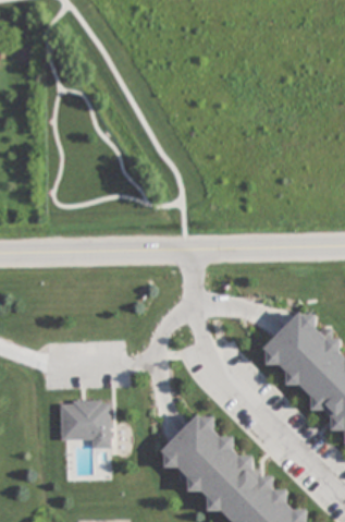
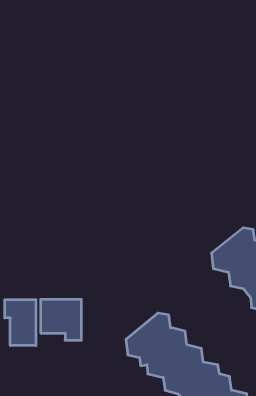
building: none -> [5,300,36,346]

